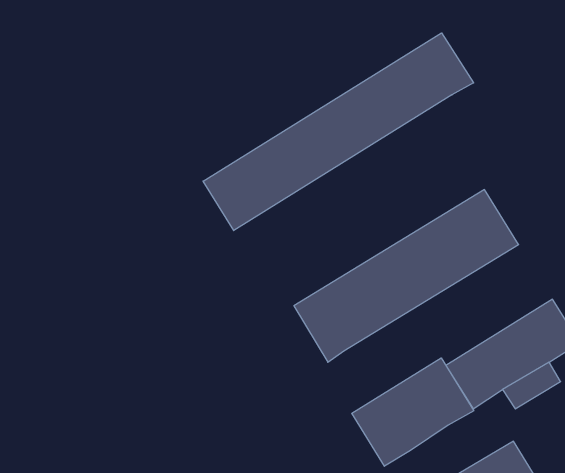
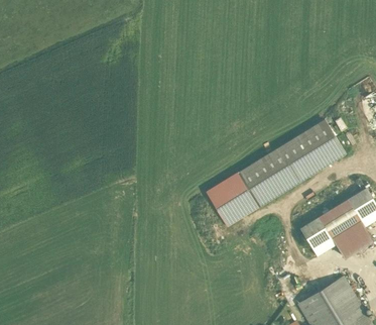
building: [203,33,474,231] -> none
building: [352,358,474,466] -> none

